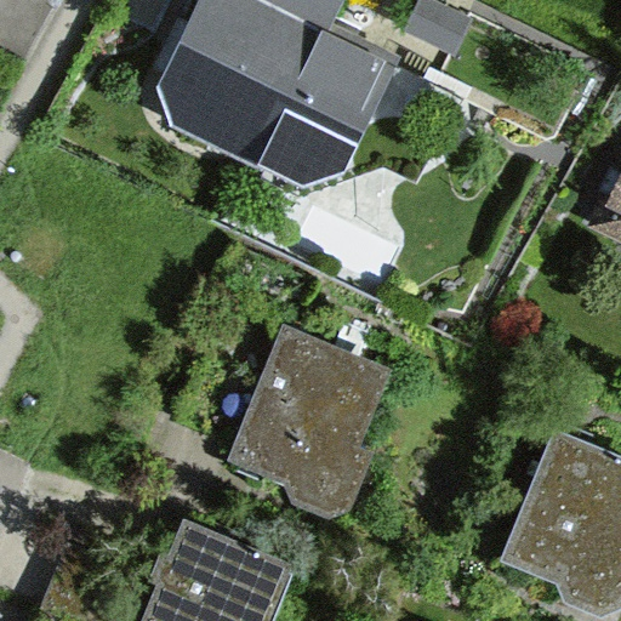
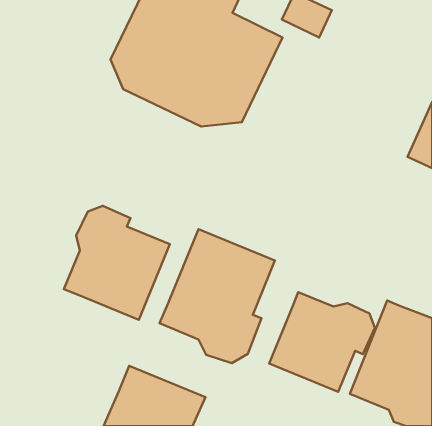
building: none -> [64,206,170,320]
building: none -> [269,292,375,392]

